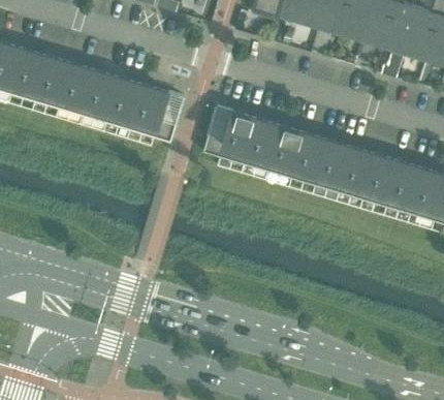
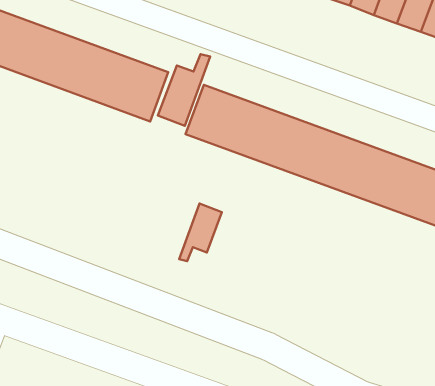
building: none -> [158,54,210,126]
building: none -> [179,203,222,261]

